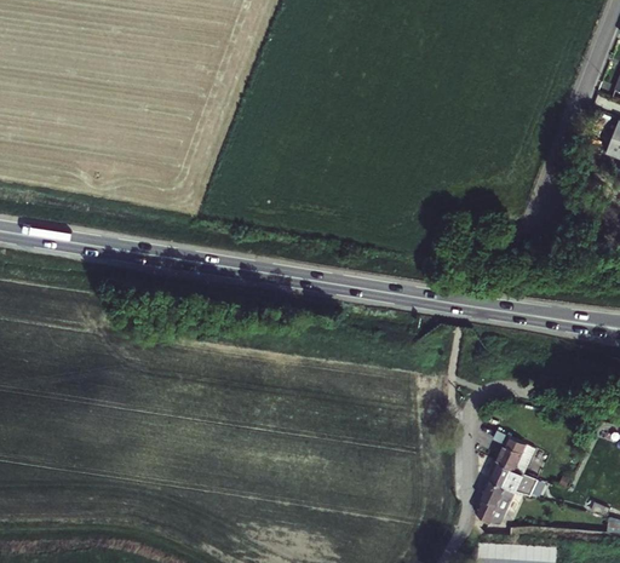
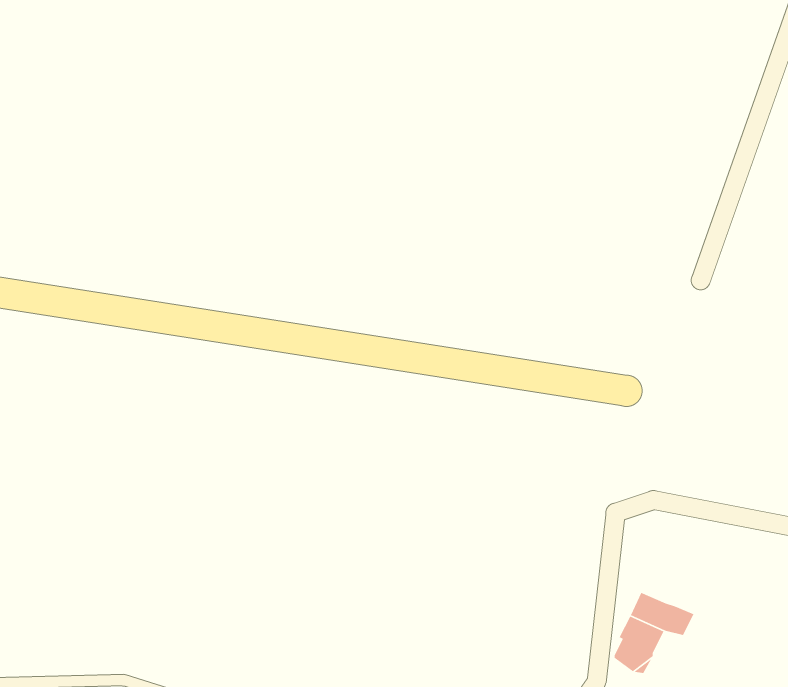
building: [494,432,532,475] -> none

